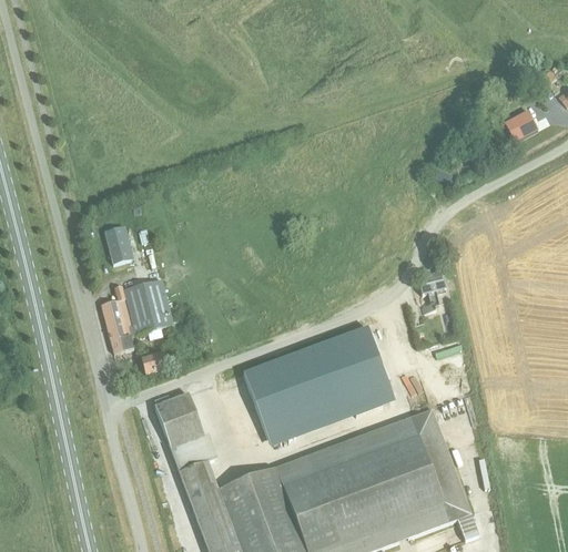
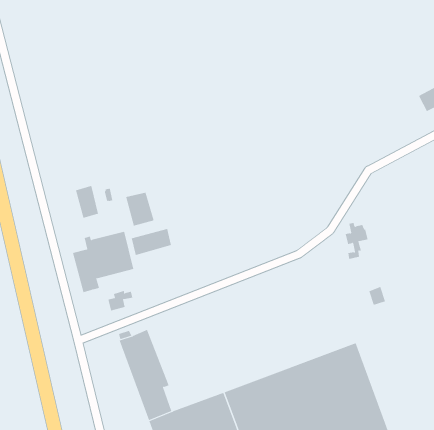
building: none -> [126,192,155,226]
building: none -> [131,228,172,256]
building: [244,328,393,438] -> none

